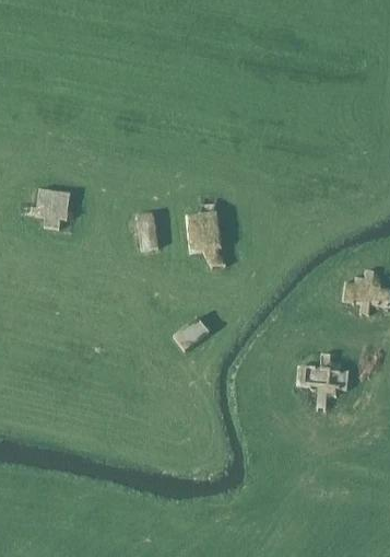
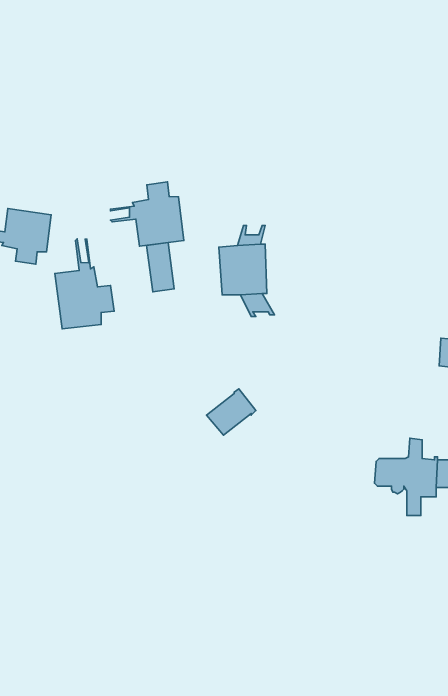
building: none -> [110,182,184,246]
building: none -> [55,239,114,329]

